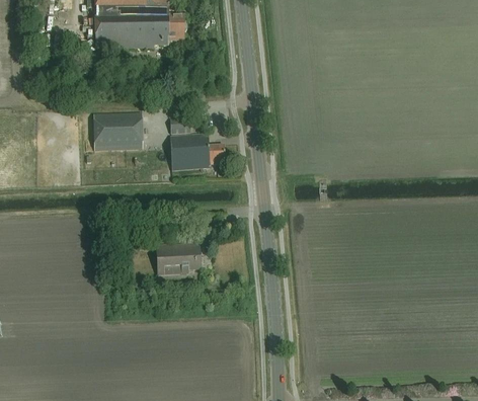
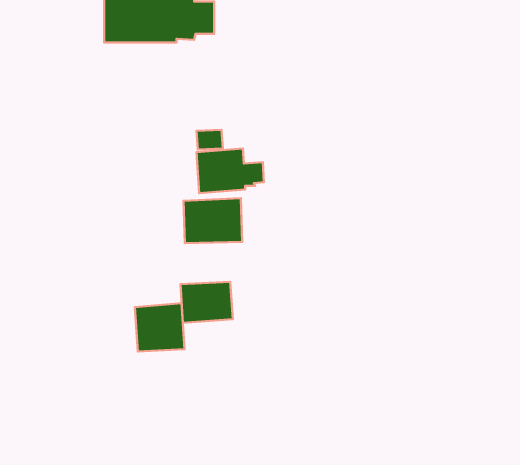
building: [94,113,142,150] -> [183,198,242,243]
building: none -> [135,303,185,352]

